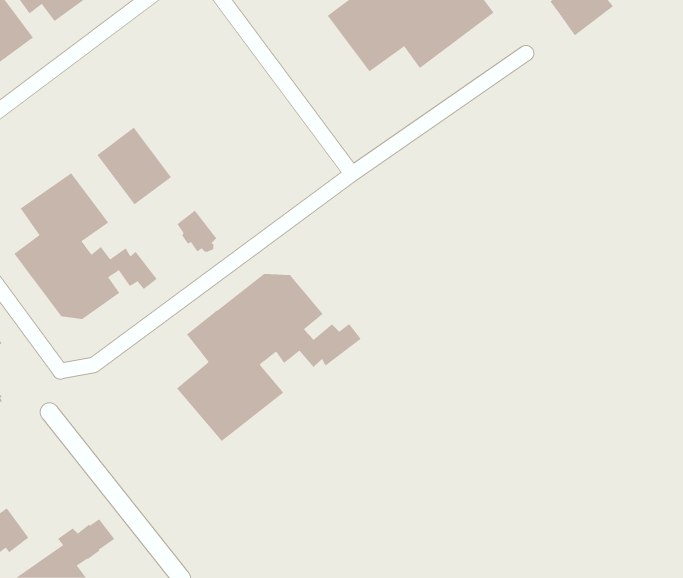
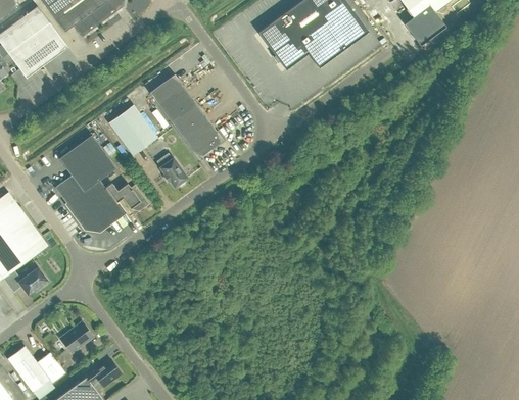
building: none -> [148,74,223,159]
building: [176,273,361,442] -> none
building: none -> [60,322,93,353]

